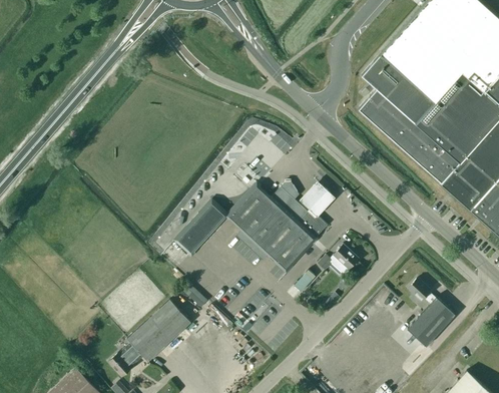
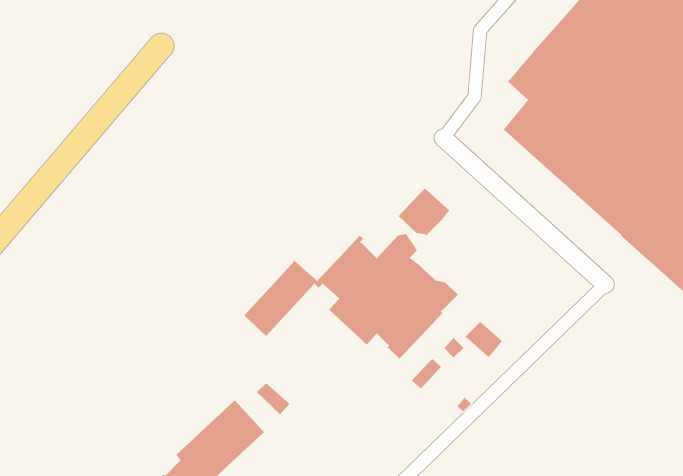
building: [299,183,336,218] -> [398,188,450,236]
building: [407,279,455,347] -> none

